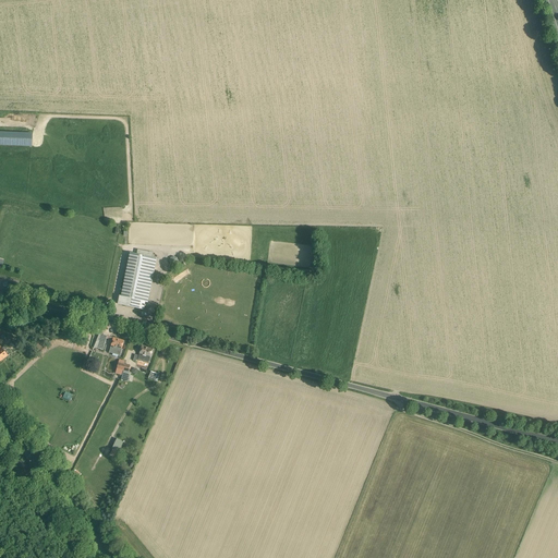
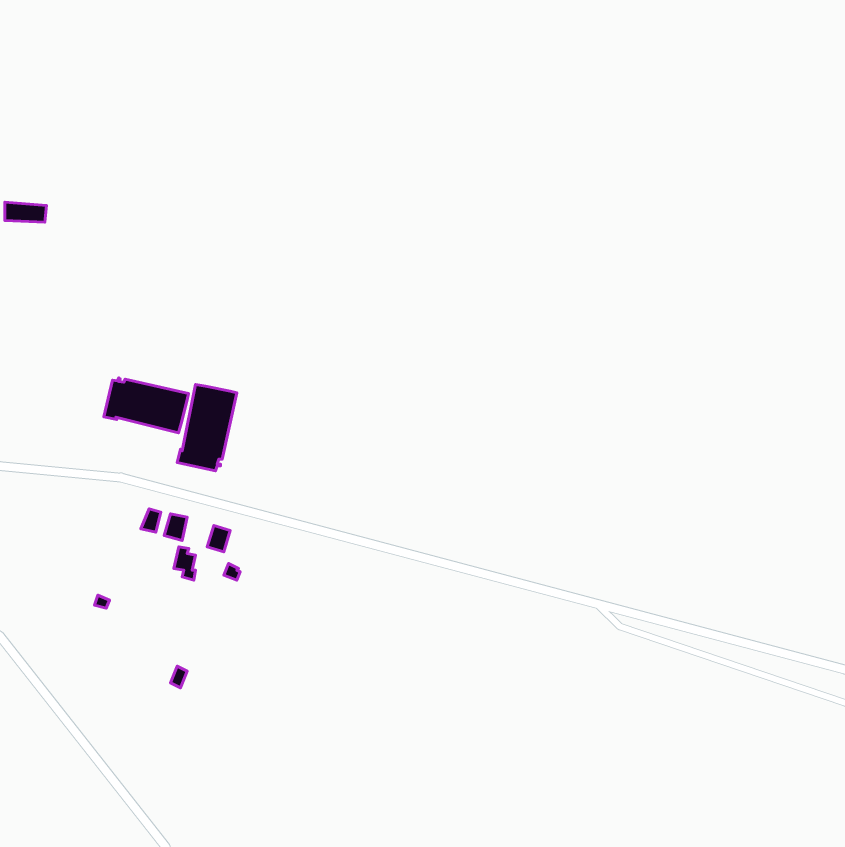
building: none -> [104,378,188,433]

